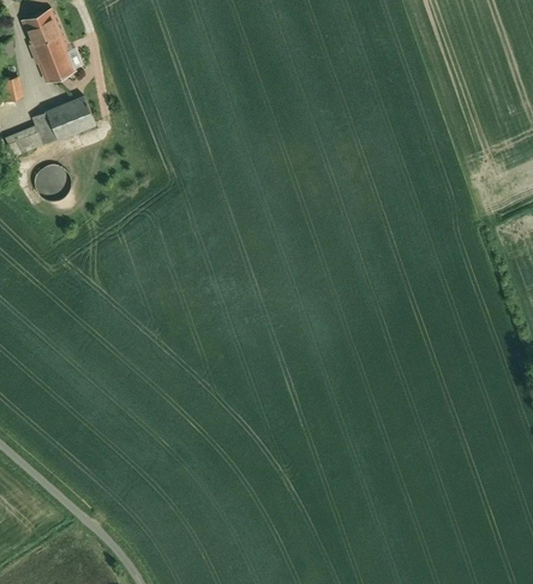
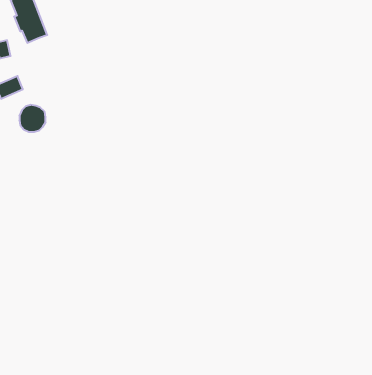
building: [30,96,92,144] -> none

